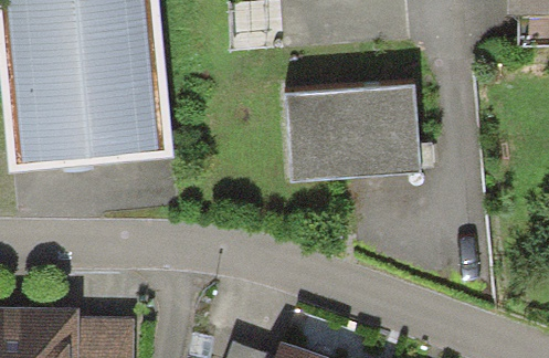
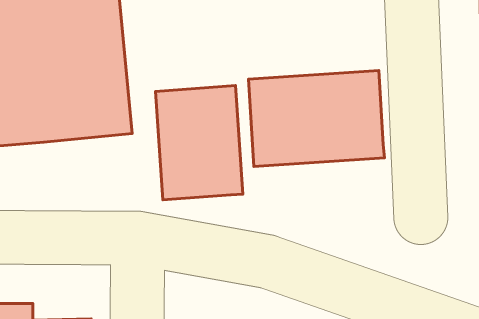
building: none -> [156,86,243,200]

